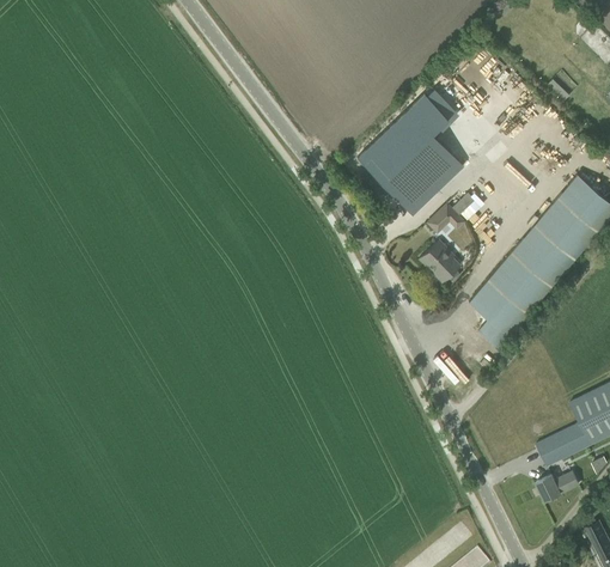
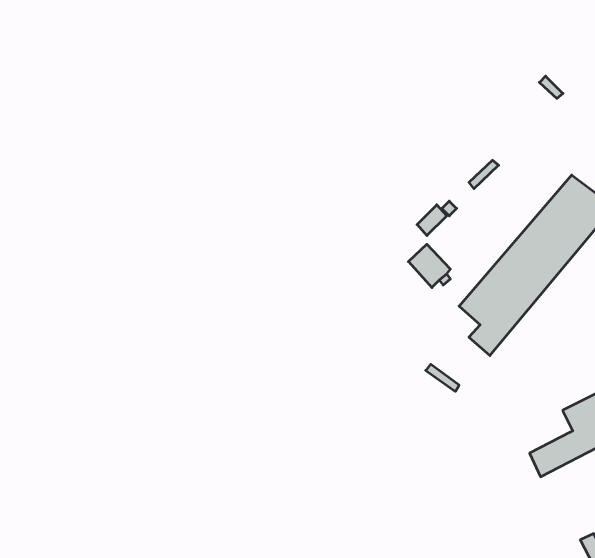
building: [358,93,464,215] -> none
building: [537,470,580,501] -> none

